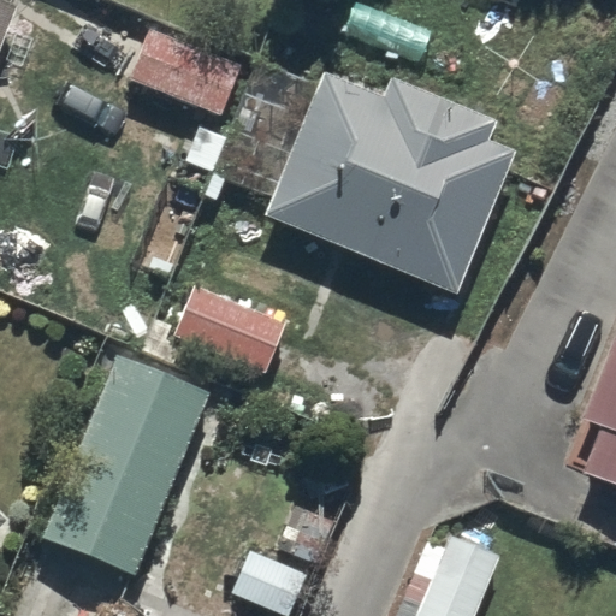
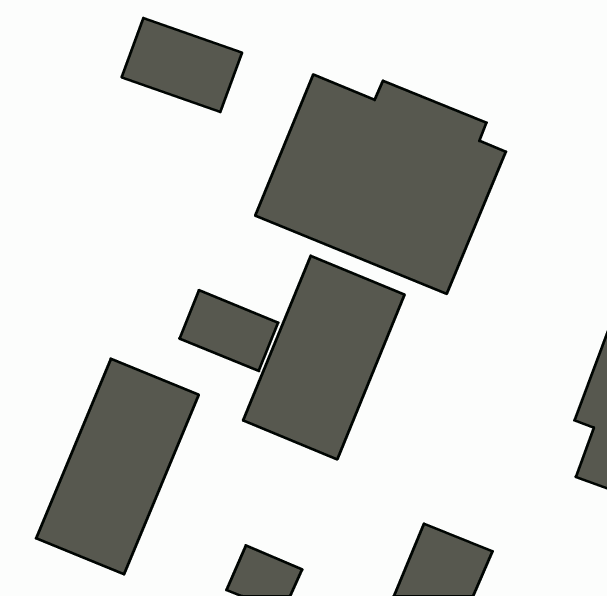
building: none -> [243,256,404,459]

